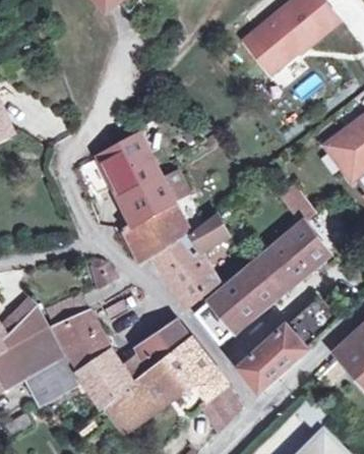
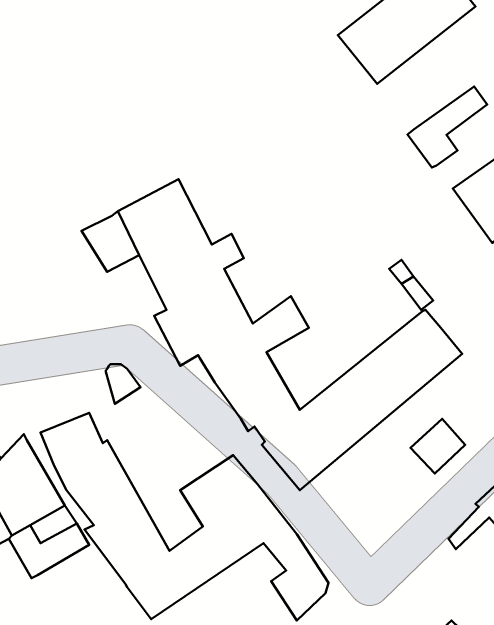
building: none -> [408,87,487,168]
building: [241,326,309,392] -> none

